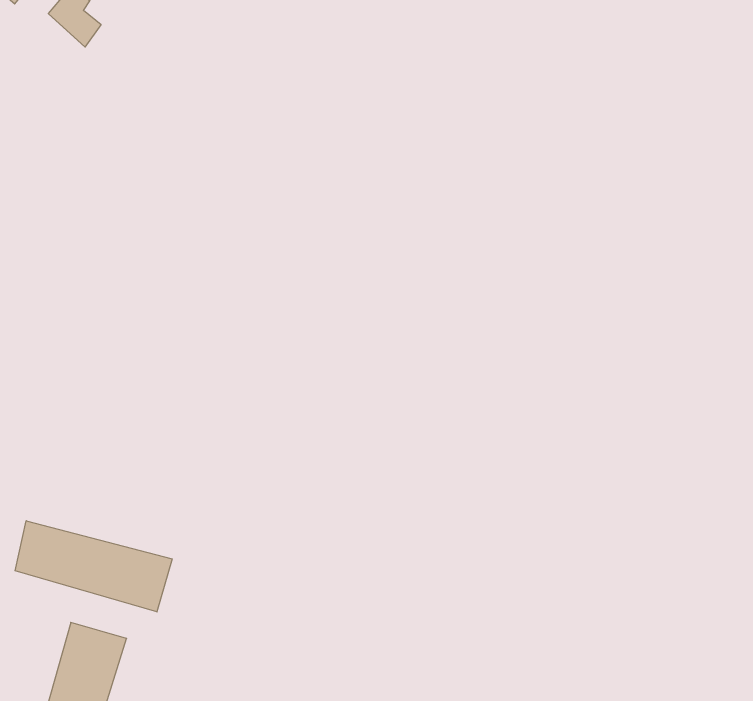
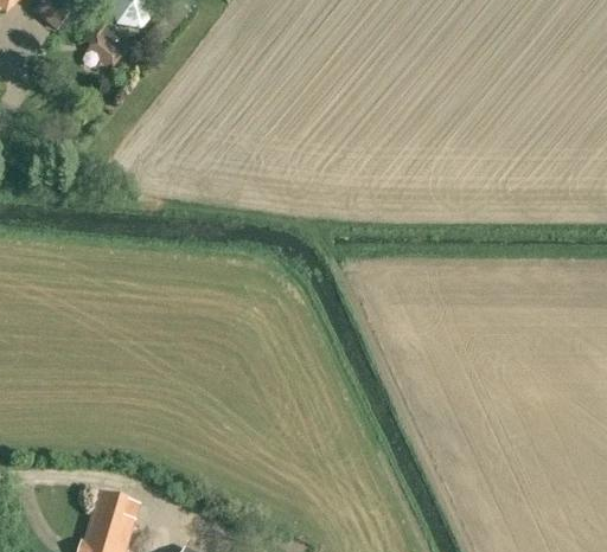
building: [15,521,172,612] -> none

